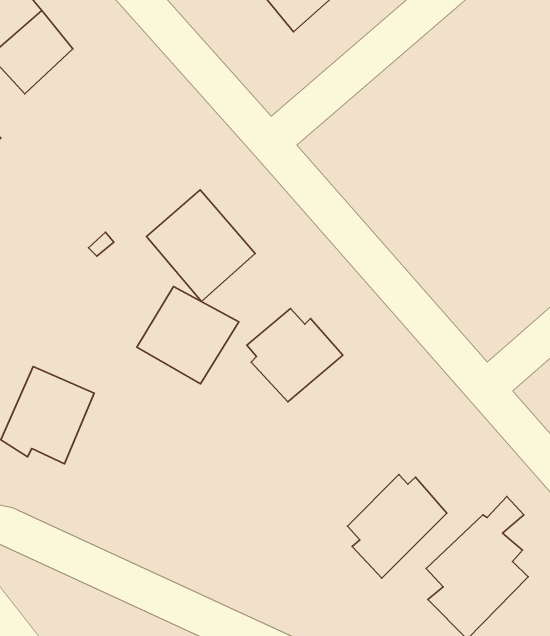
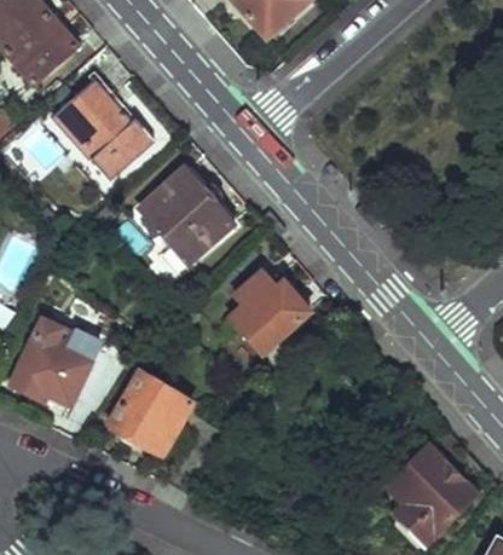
building: none -> [52,81,157,180]
building: [137,286,239,384] -> [109,371,196,455]
building: [347,474,447,578] -> none

